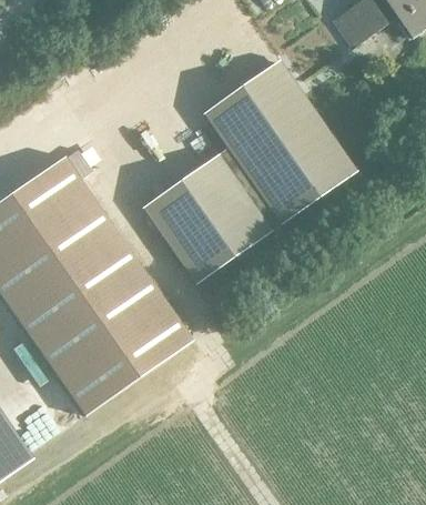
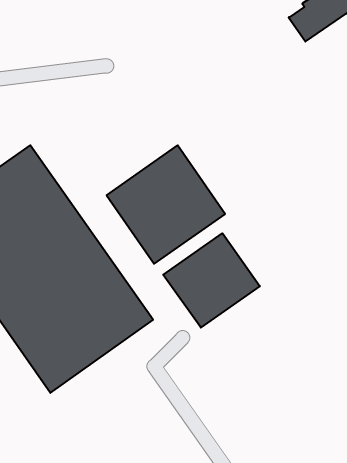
building: [205,60,354,219] -> none
building: none -> [163,233,260,328]

